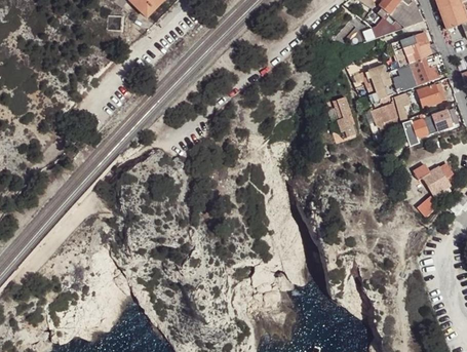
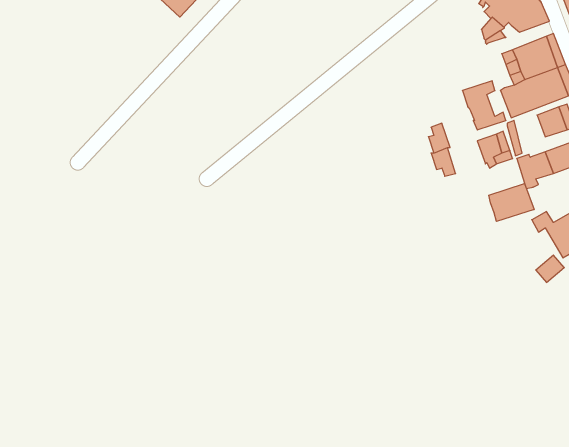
building: none -> [489,183,534,221]

